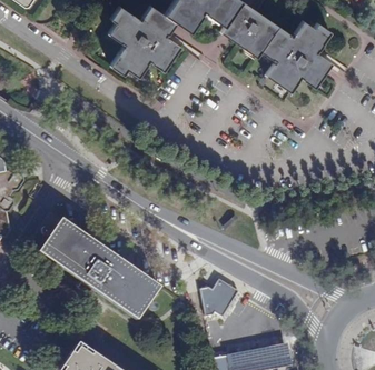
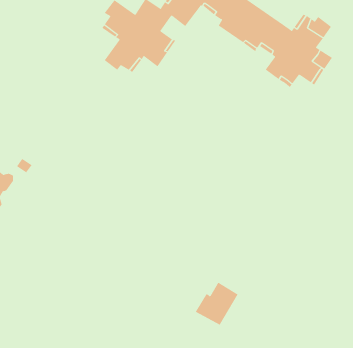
building: [36,217,158,319] -> none

